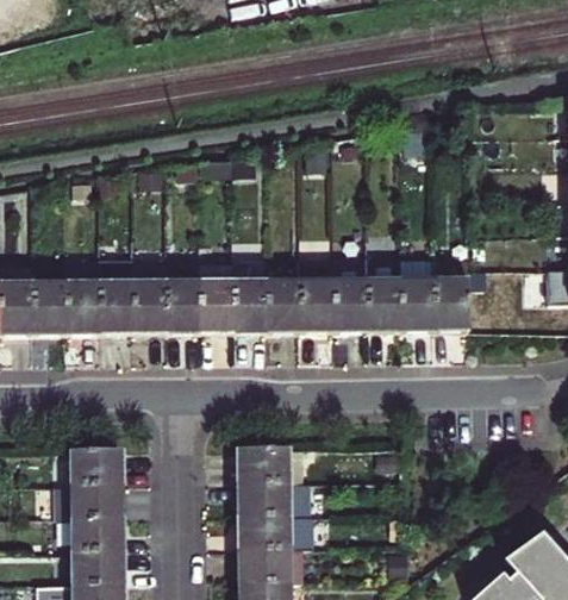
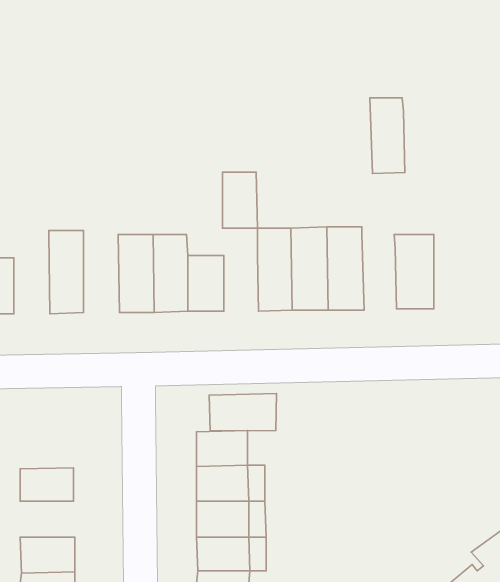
building: [64,260,99,336] -> none
building: [131,260,166,335] -> none
building: [398,260,431,332] -> [370,98,405,174]
building: [266,280,299,333] -> [223,172,257,228]
building: none -> [209,394,277,431]
building: [69,449,121,485] -> none
building: [70,515,123,550] -> none

